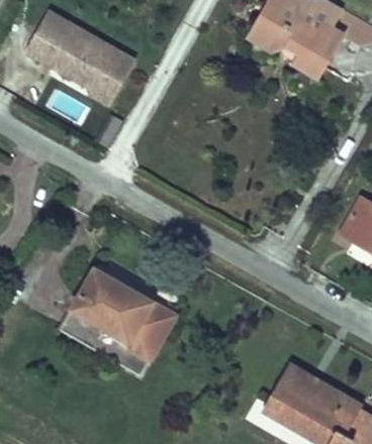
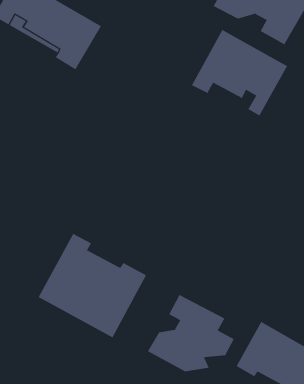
building: none -> [191,29,288,116]
building: none -> [147,294,235,372]

